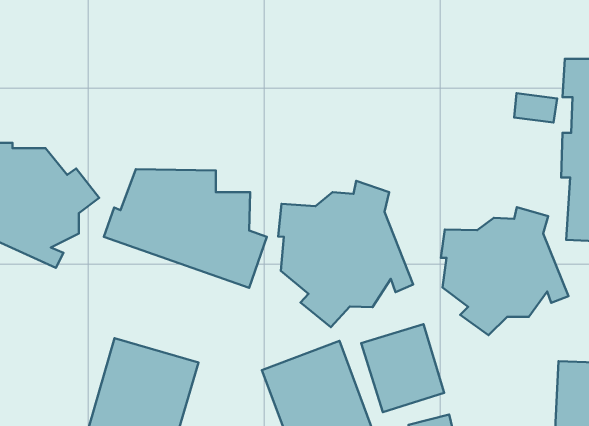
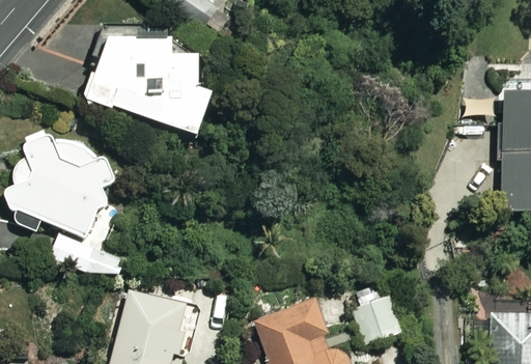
building: [104,169,267,288] -> [85,41,218,138]
building: [278,181,413,327] -> none
building: [441,207,568,335] -> none

